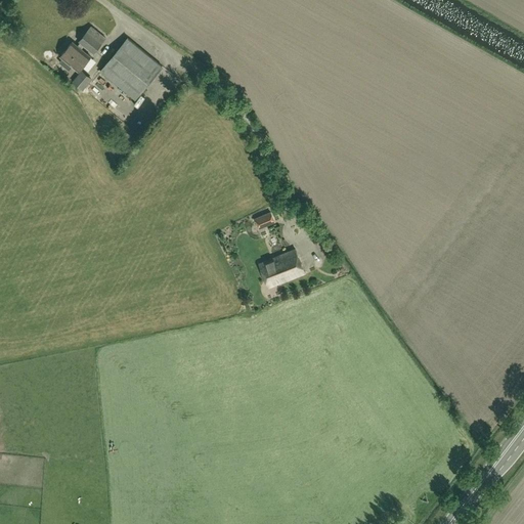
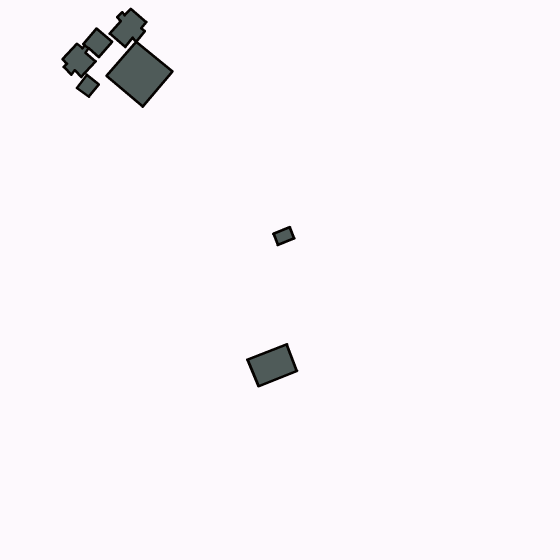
building: none -> [110,9,146,47]
building: [258,250,304,289] -> [247,344,297,386]

